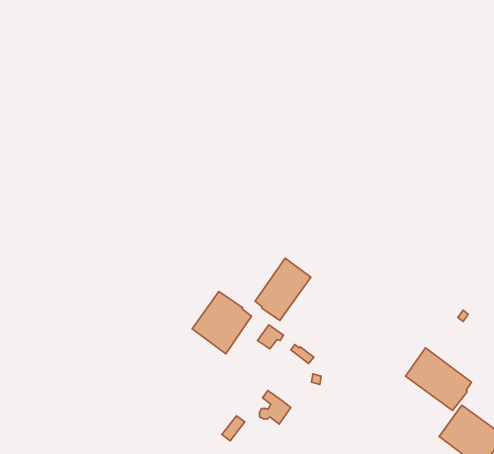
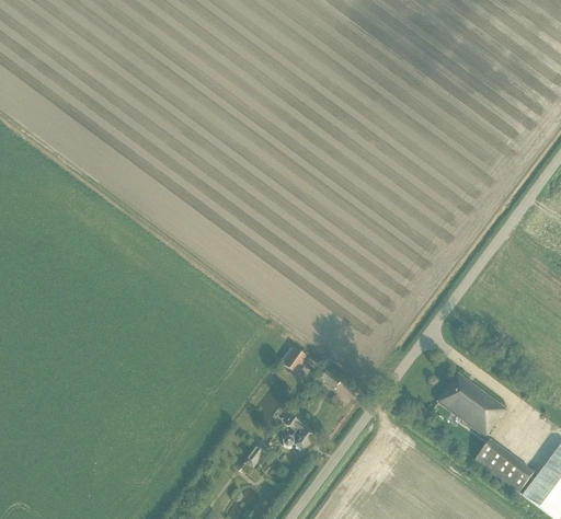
building: [255,258,311,320] -> none
building: [192,291,252,354] -> none

